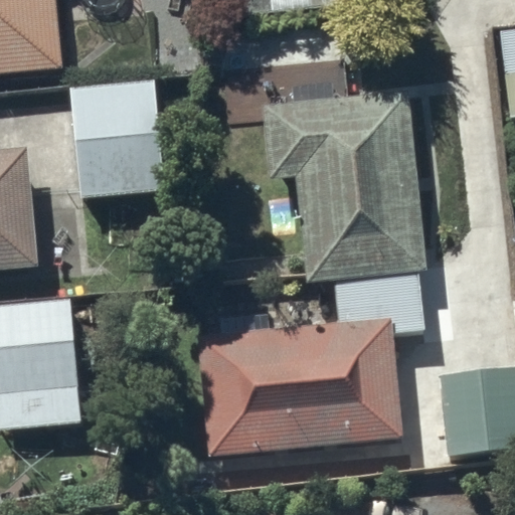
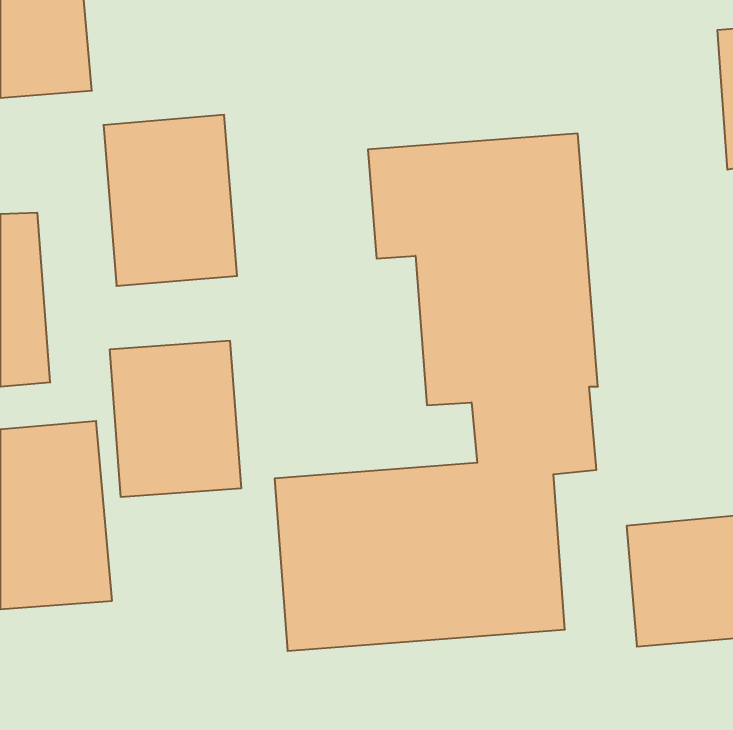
building: none -> [110,341,241,497]

